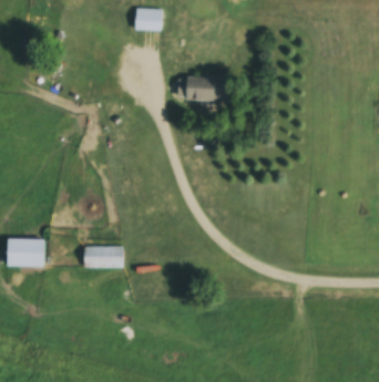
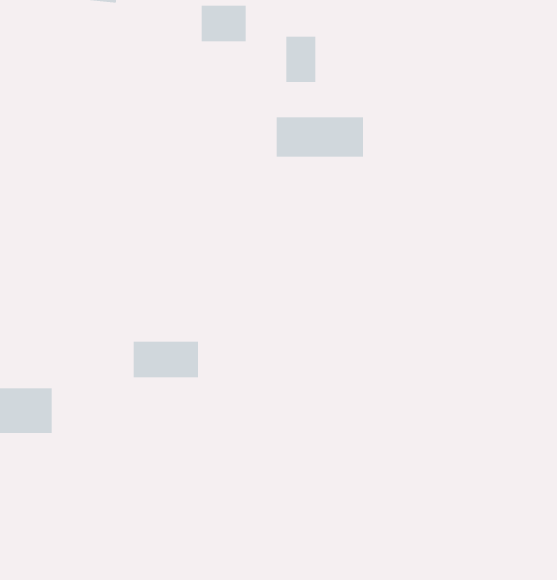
building: none -> [286,36,316,83]
building: [83,246,123,268] -> [133,341,199,378]

